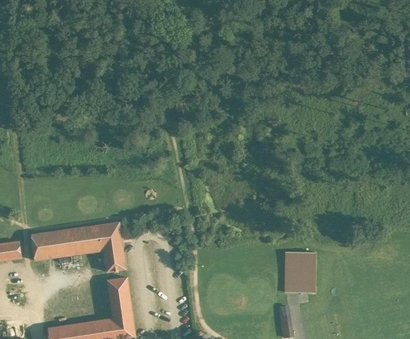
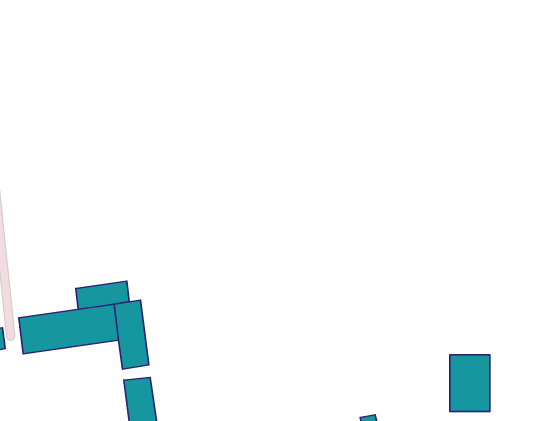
building: none -> [76,281,129,309]
building: [286,251,315,292] -> [450,355,490,411]

